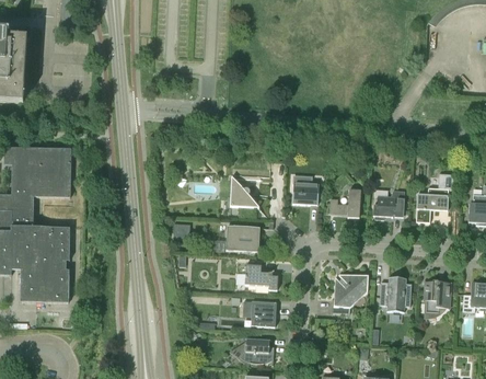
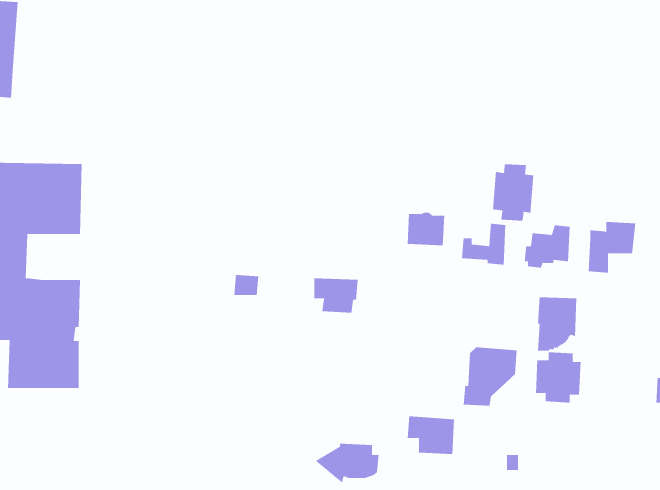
building: none -> [492,163,534,222]
building: [230,173,261,207] -> none
building: [244,263,278,289] -> none
building: [424,280,451,318] -> [537,297,577,351]
building: [243,300,276,326] -> [407,416,455,454]

